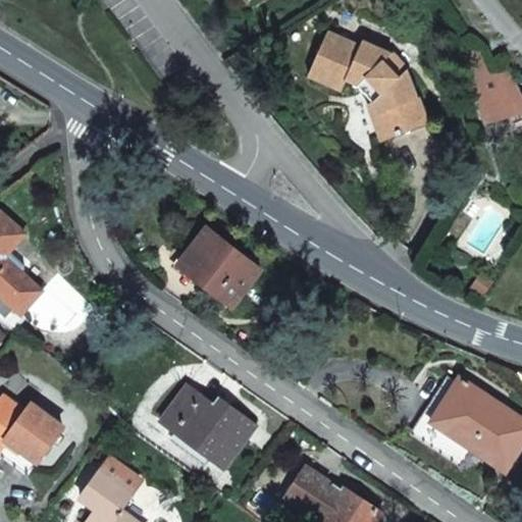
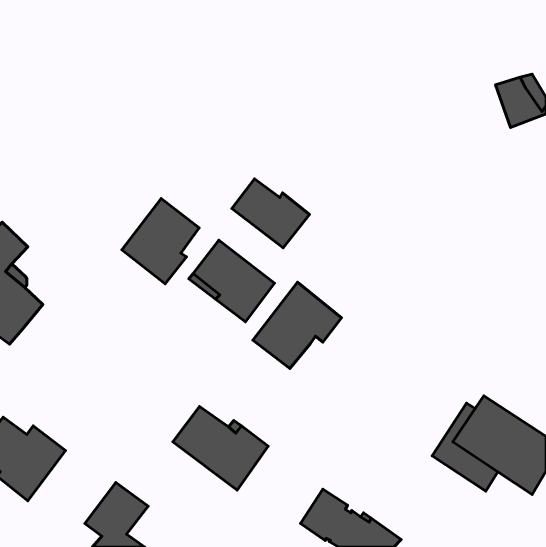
building: [307,32,427,139] -> none
building: none -> [232,179,310,248]
building: none -> [122,199,199,284]
building: none -> [253,282,341,368]

